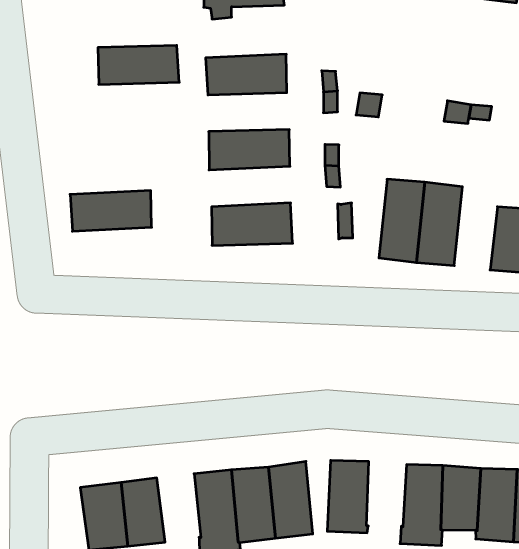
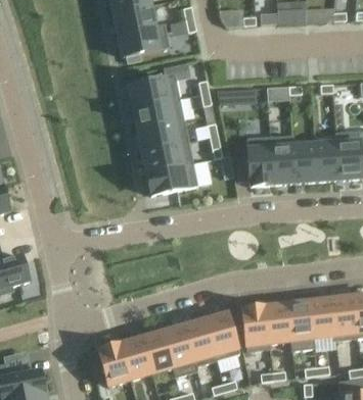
building: [98,45,179,84] -> [133,98,184,129]
building: none -> [291,135,316,183]
building: [70,191,152,231] -> [141,141,192,172]
building: none -> [264,304,290,344]
building: none -> [141,331,173,373]

